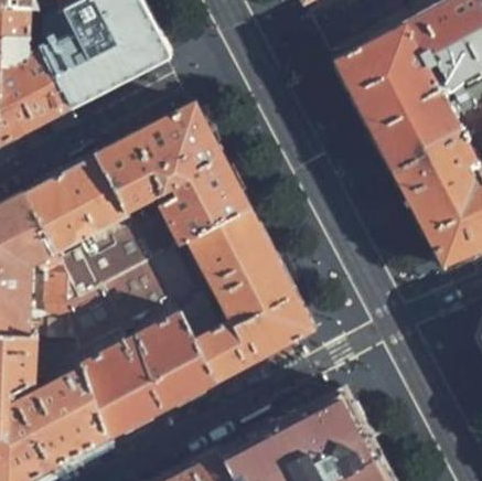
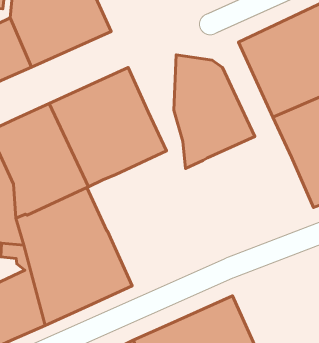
building: none -> [174,55,255,168]
building: [151,205,315,381] -> none

